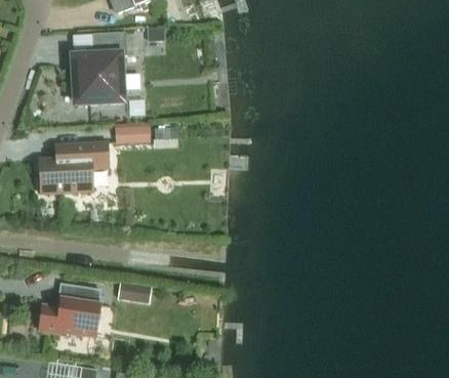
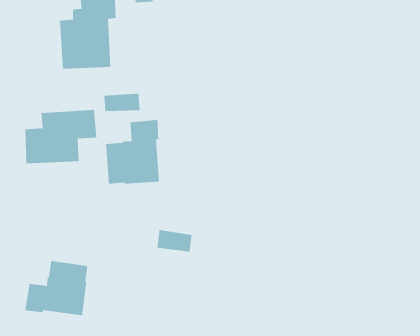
building: none -> [105,119,160,185]
building: [118,281,152,302] -> [157,229,192,252]

